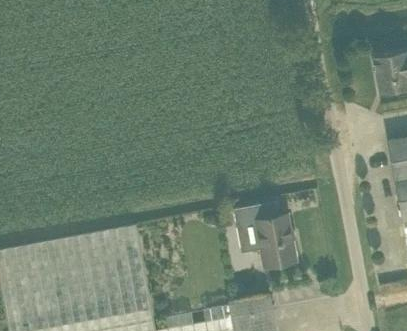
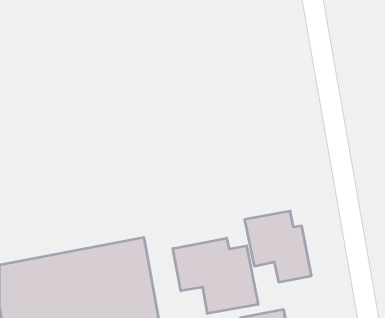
building: none -> [173,238,258,314]

